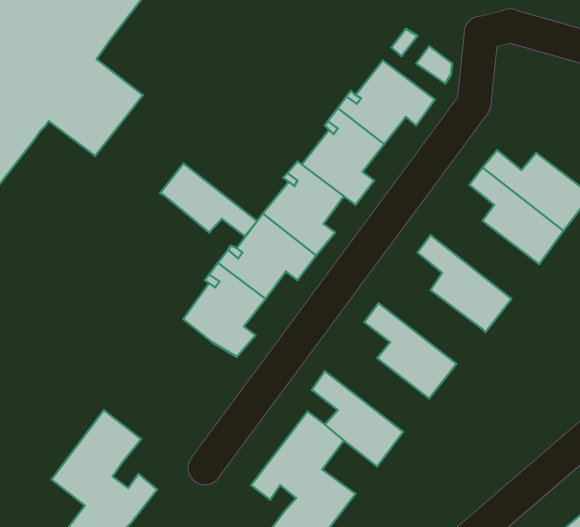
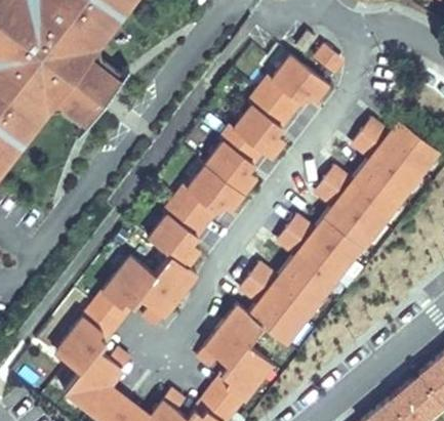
building: [160,164,257,236] -> none
building: none -> [324,168,401,225]
building: none -> [287,216,361,271]
building: none -> [92,256,197,327]
building: none -> [249,264,323,320]

